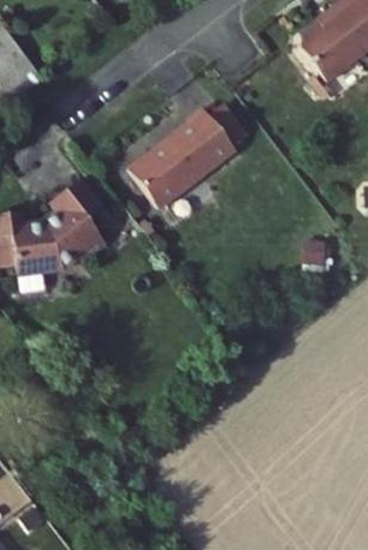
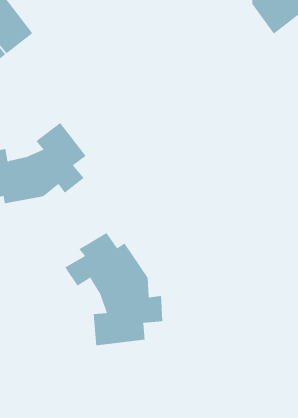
building: [131,101,238,208] -> none
building: none -> [64,232,163,346]

